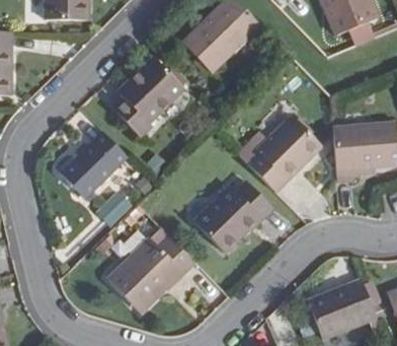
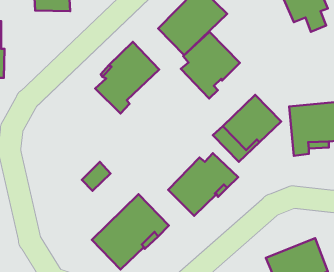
building: none -> [181,32,240,99]
building: [57,130,127,197] -> none

